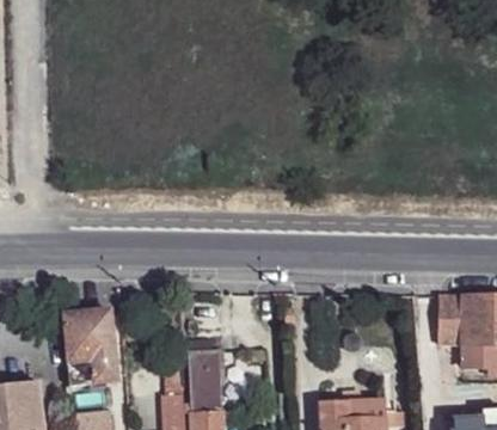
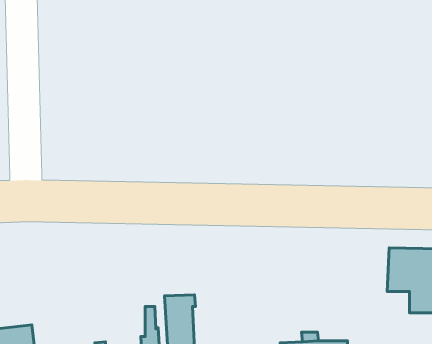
building: [62,307,118,385] -> none

